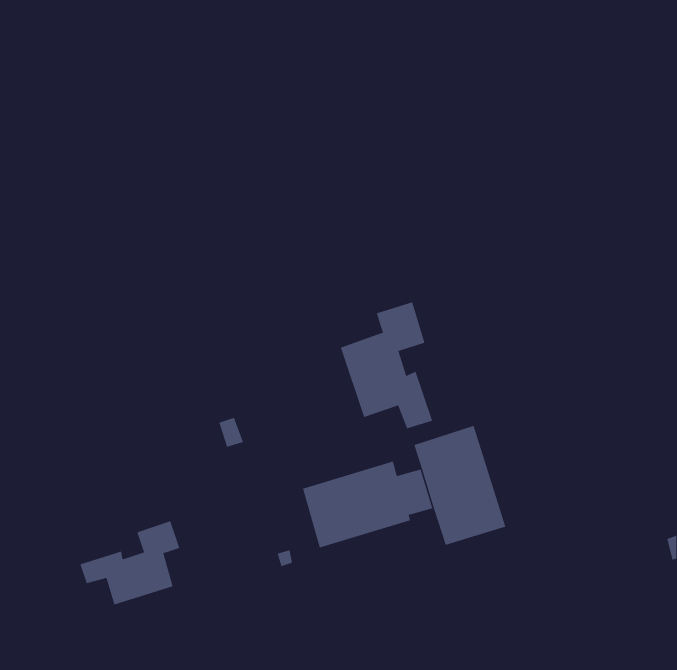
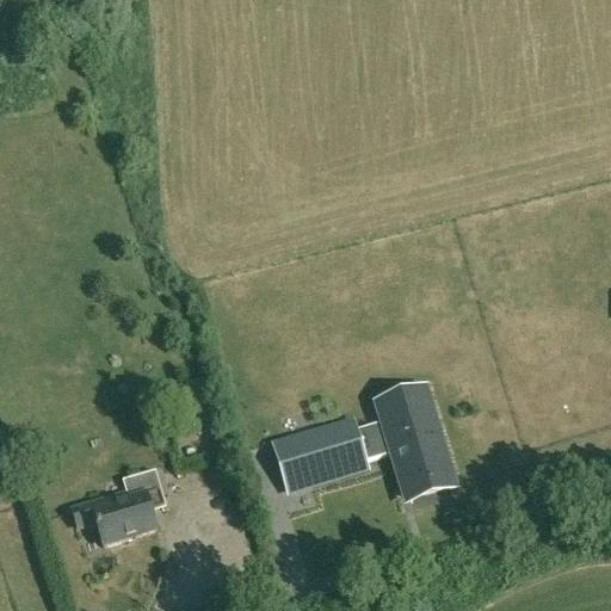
building: [340,302,433,429] -> none

